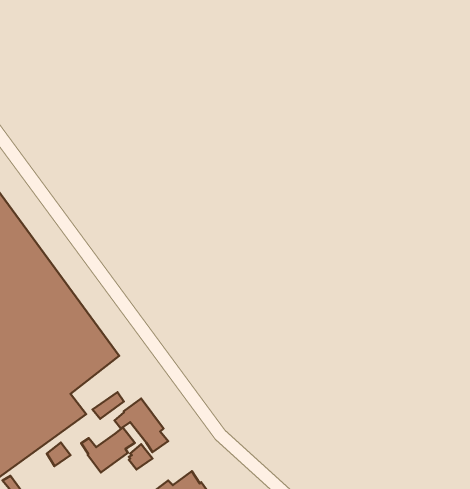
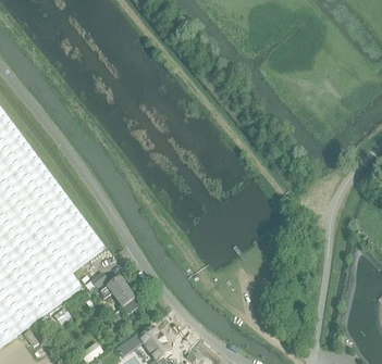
building: [81,427,135,473] -> none

